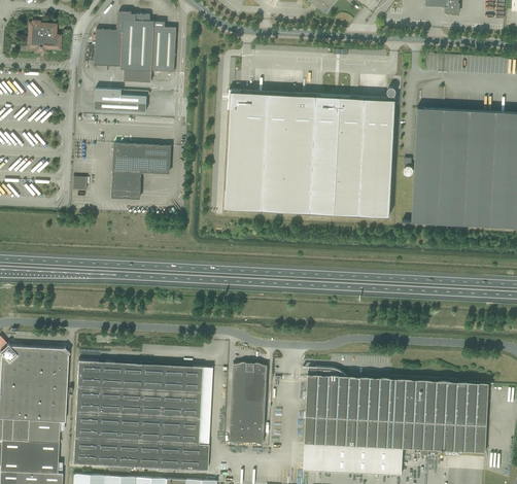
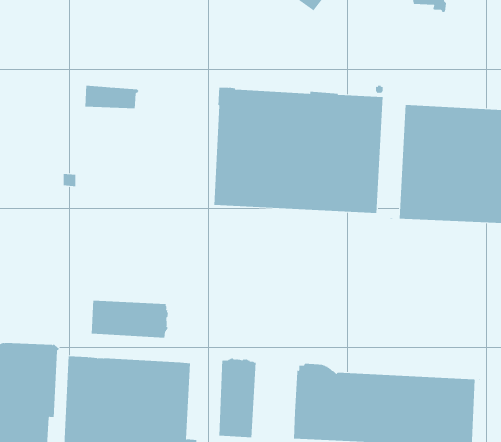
building: [95,13,176,82] -> none
building: [29,24,60,53] -> none
building: [111,143,171,201] -> none
building: none -> [91,300,169,338]

